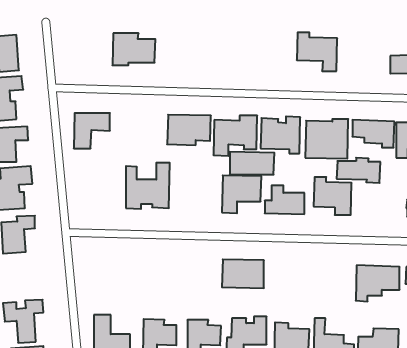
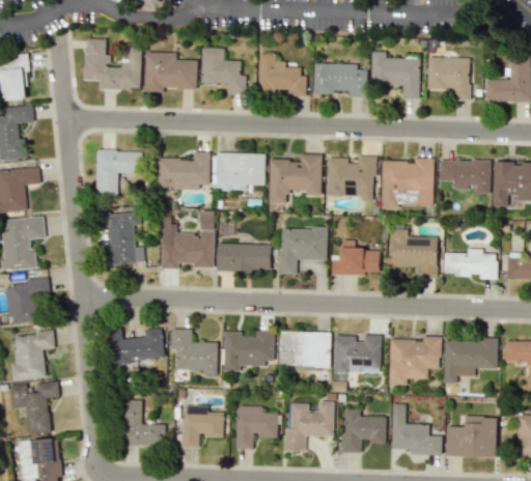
building: none -> [85,38,141,88]
building: none -> [201,47,246,92]
building: none -> [258,53,305,95]
building: none -> [428,57,471,100]
building: none -> [314,62,368,96]
building: none -> [158,150,211,189]
building: [230,152,274,175] -> [217,243,272,271]
building: [337,158,380,183] -> [444,248,498,279]
building: none -> [104,210,143,263]
building: none -> [171,328,218,374]
building: none -> [110,329,164,366]
building: none -> [11,331,54,379]
building: none -> [224,331,275,371]
building: none -> [334,334,382,372]
building: none -> [390,336,442,385]

